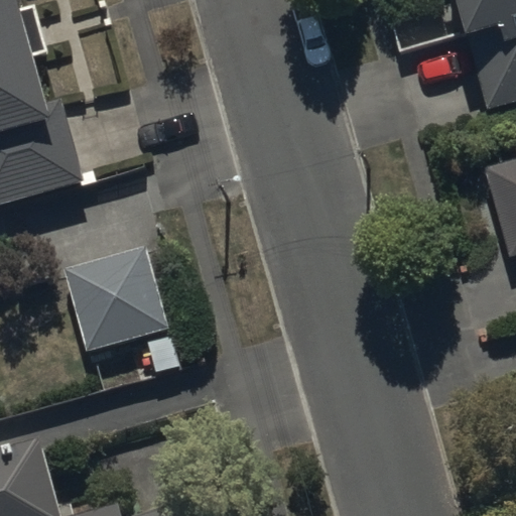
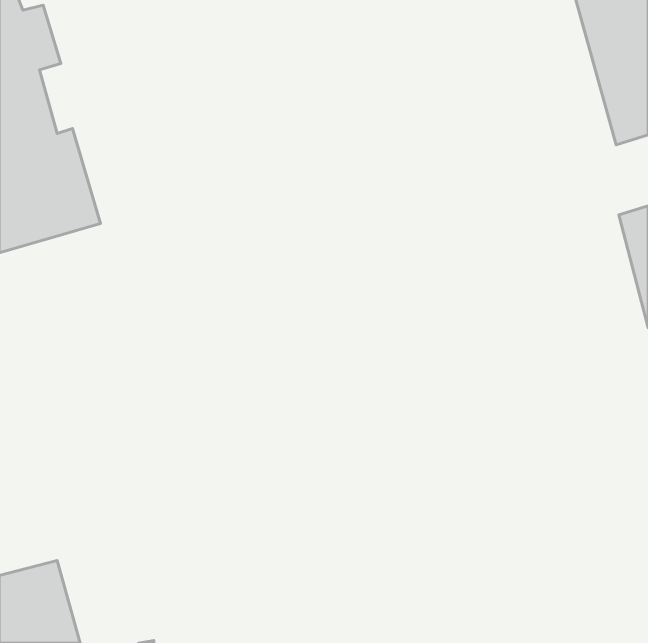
building: [67,248,171,353] -> none

